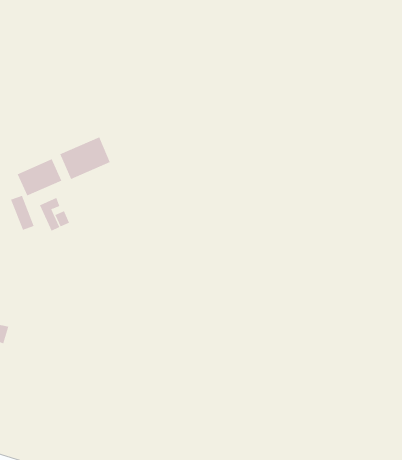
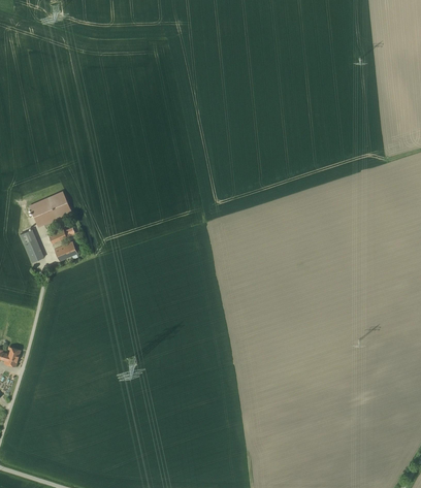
building: [60,136,110,180] -> none

